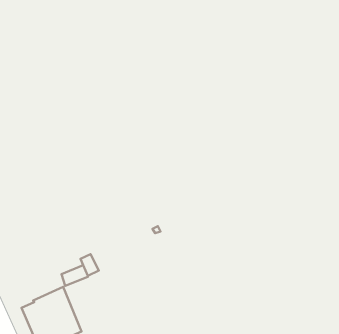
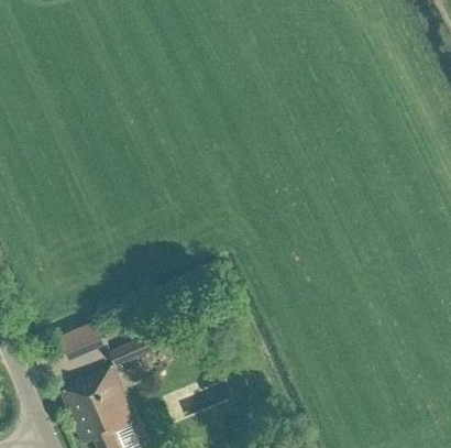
building: none -> [58,320,112,363]

